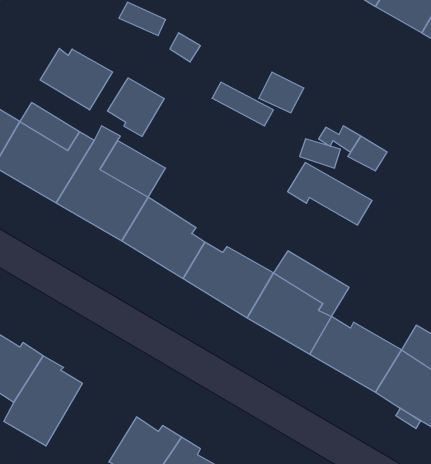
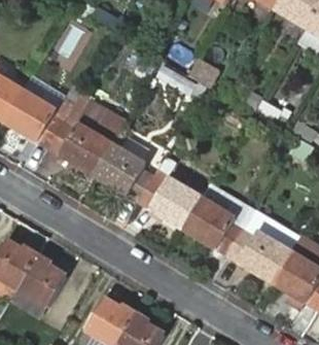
building: [40,48,113,110] -> none
building: [107,78,164,136] -> none
building: [288,163,372,225] -> [242,207,302,251]

